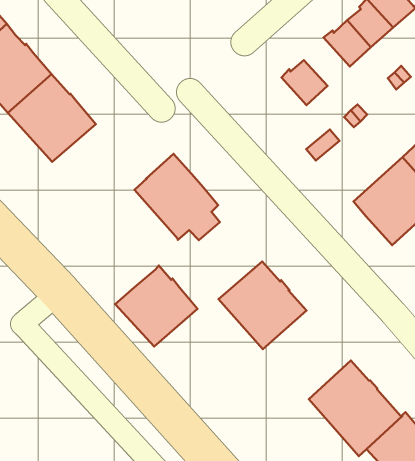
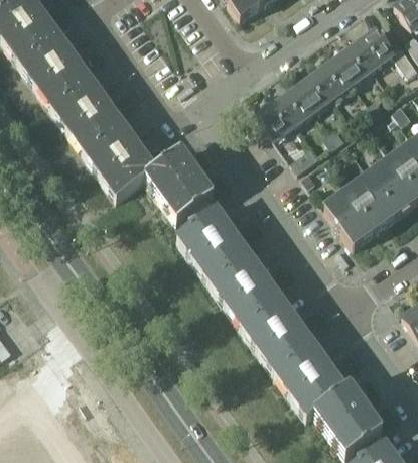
building: none -> [299,67,336,107]
building: none -> [260,96,297,135]
building: none -> [83,118,159,195]
building: [115,265,198,347] -> [179,207,247,273]
building: none -> [240,291,311,364]

